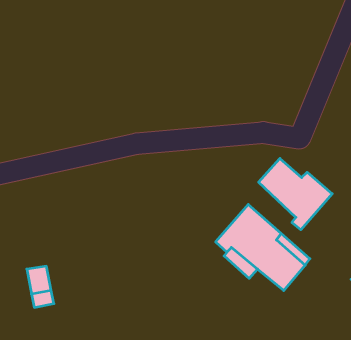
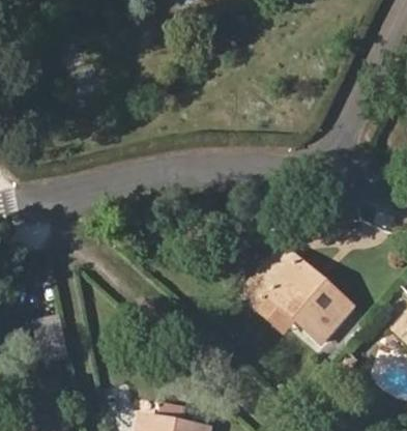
building: [259,158,332,230] -> none

